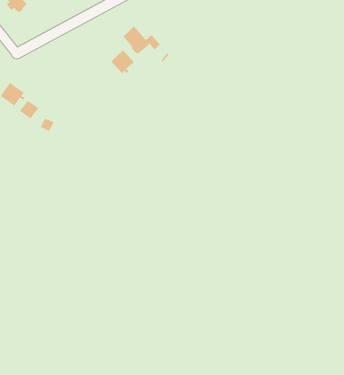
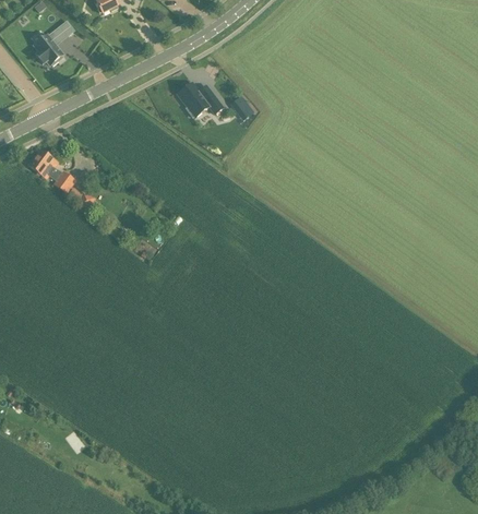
building: [111,50,135,74] -> none

